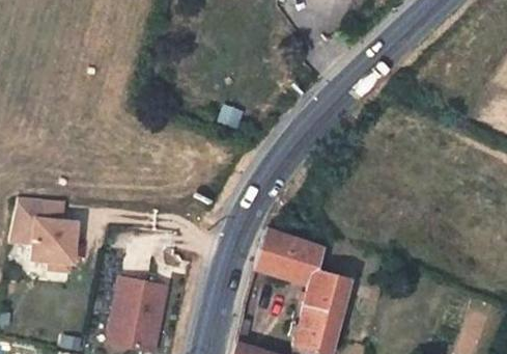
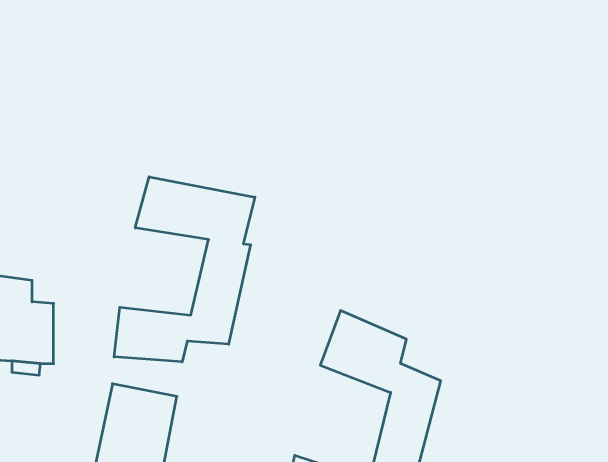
building: none -> [114,177,255,362]

